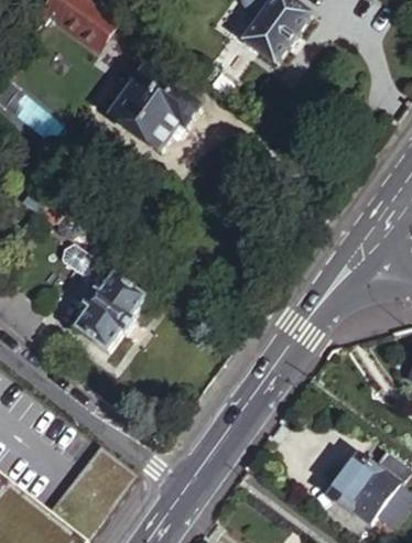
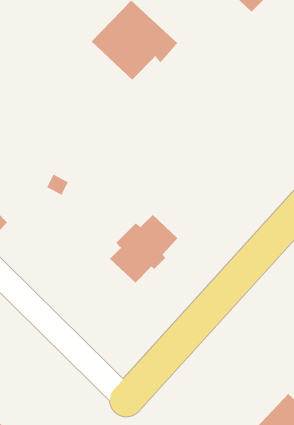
building: [75,276,144,351] -> [109,214,178,283]

